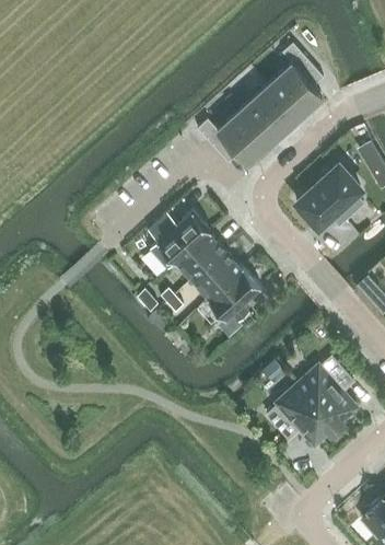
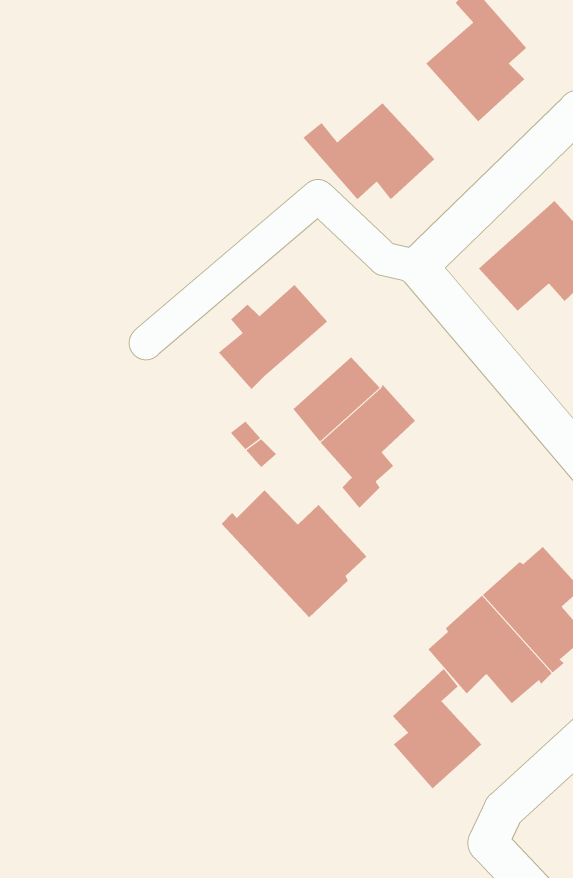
building: [243,88,296,141] -> none
building: [177,234,225,281] -> none
building: none -> [221,490,367,618]
building: none -> [392,668,482,789]

